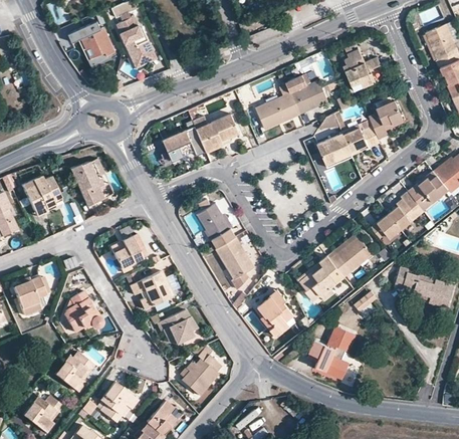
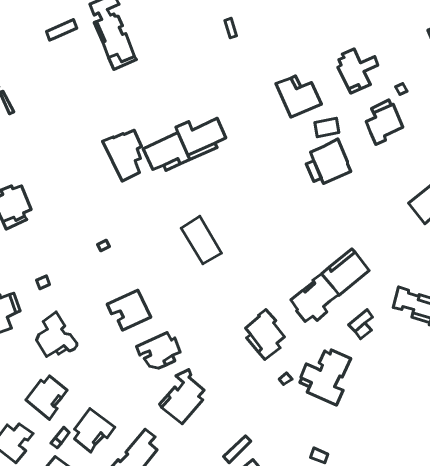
building: [82,29,114,58] -> none
building: [256,92,300,129] -> none
building: [343,125,380,154] -> none
building: [68,158,104,205] -> [102,130,142,181]
building: [372,192,424,240] -> none
building: [111,234,149,273] -> none
building: [217,238,254,289] -> none

